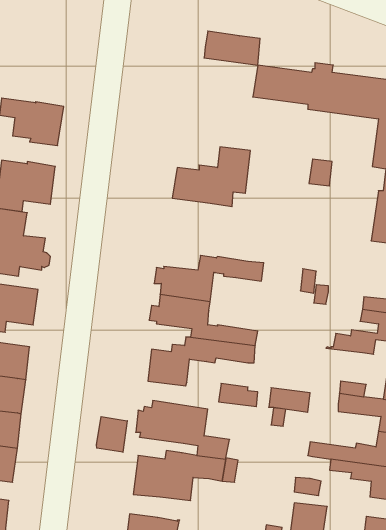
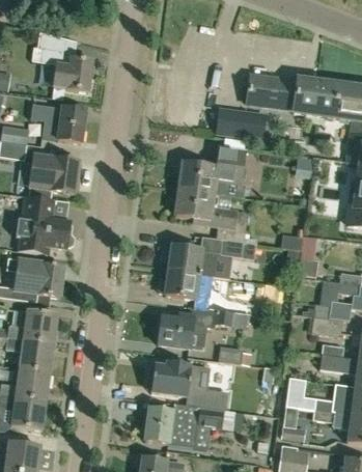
building: [204,31,260,65] -> [216,109,263,138]
building: none -> [40,49,92,91]
building: none -> [175,188,245,242]
building: [269,388,310,412] -> [307,315,342,336]
building: [97,417,127,452] -> none

